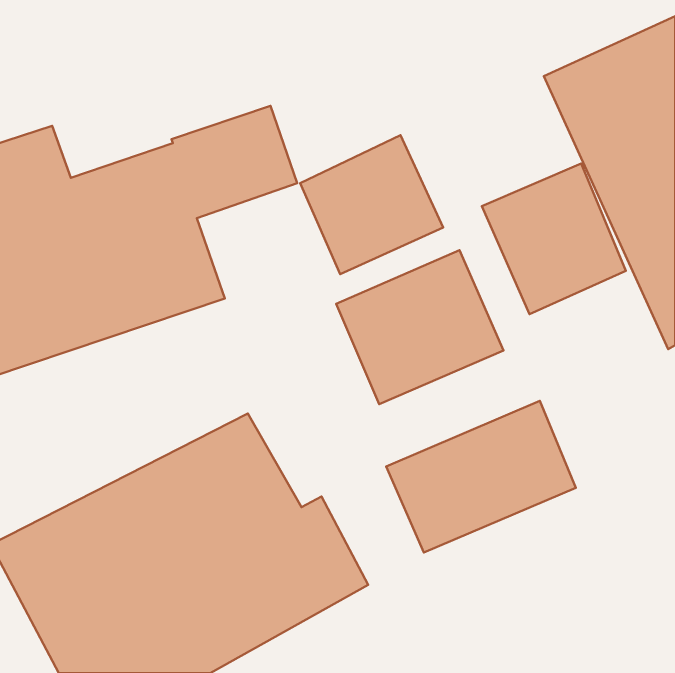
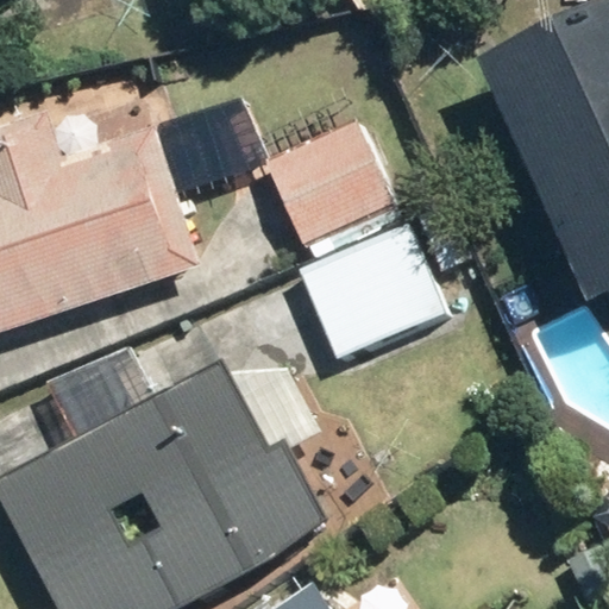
building: [482,163,626,314] -> none
building: [386,401,576,553] -> none

